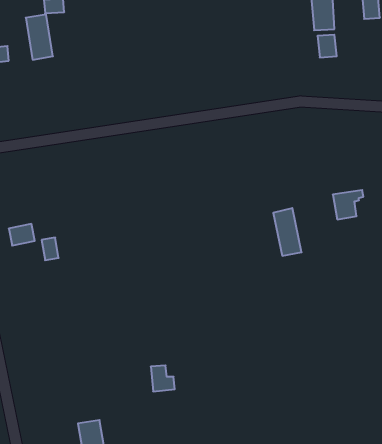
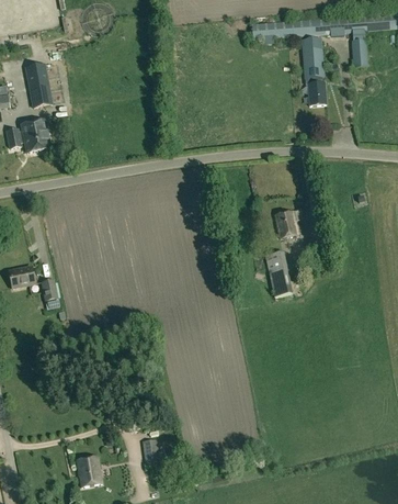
building: none -> [7,120,50,153]
building: [333,190,363,219] -> [275,209,305,237]
building: [151,365,175,391] -> [144,439,167,464]

